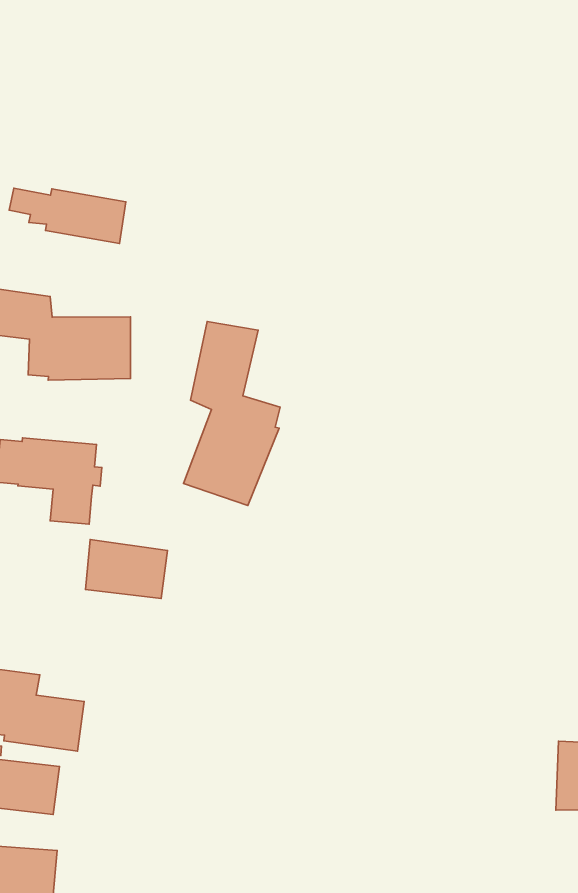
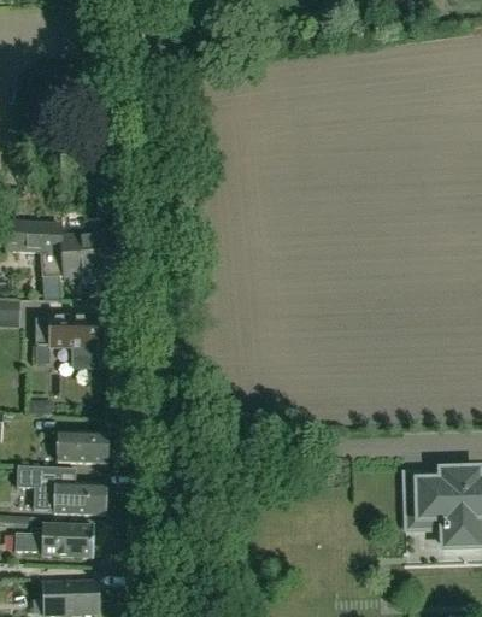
building: [9,188,126,243] -> none
building: [183,321,280,505] -> none
building: [85,540,167,598] -> [58,429,108,463]

